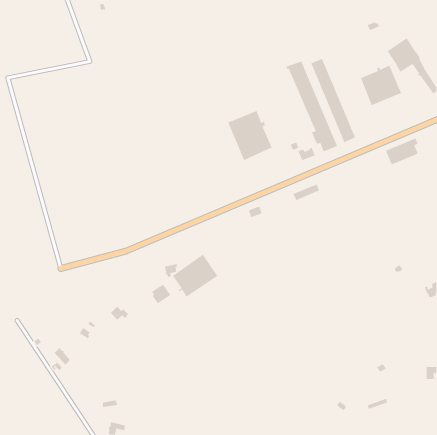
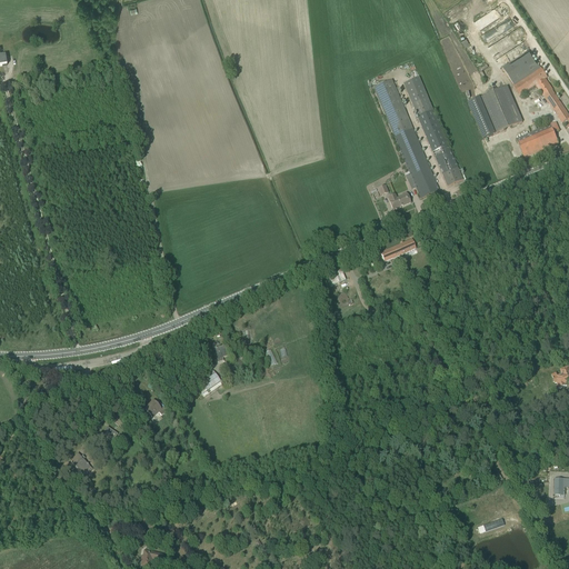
building: [228,110,272,161] -> none
building: [385,138,419,165] -> [516,121,559,157]
building: [172,254,218,298] -> none

